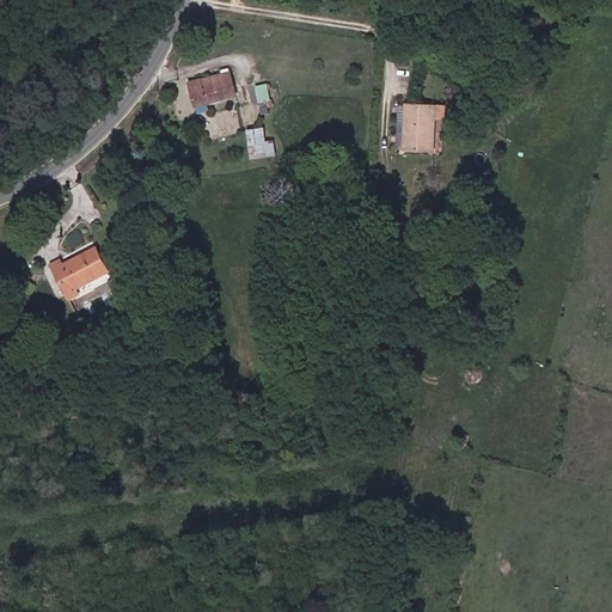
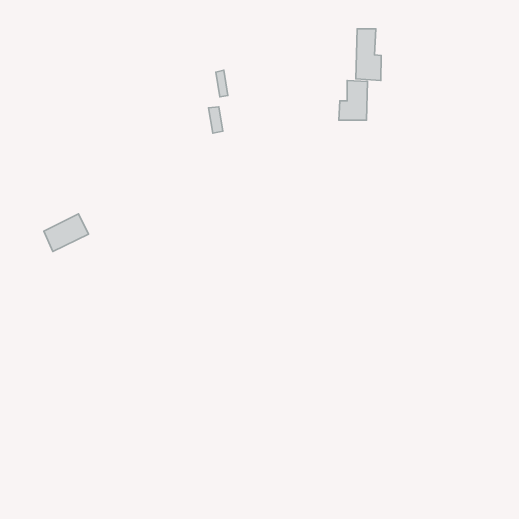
building: none -> [356,29,381,80]
building: [188,69,235,109] -> none

